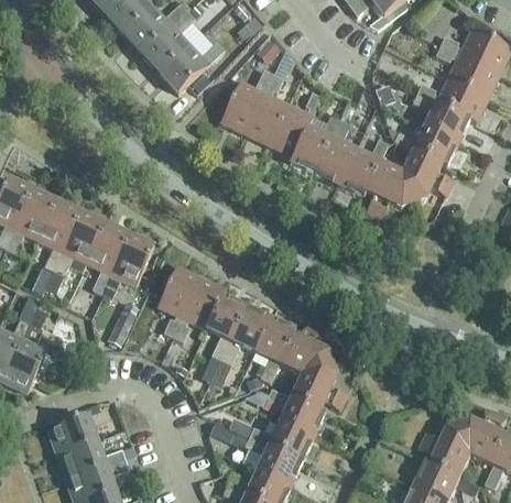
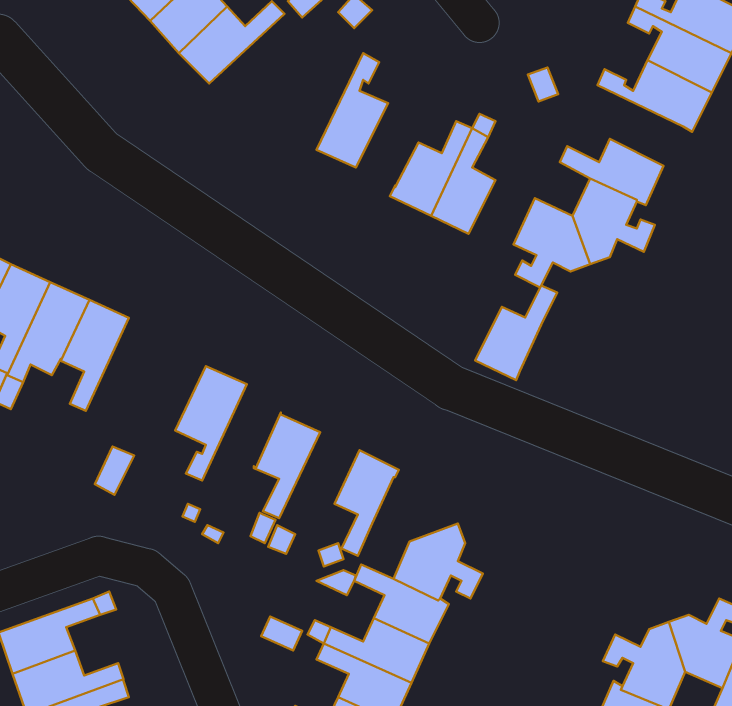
building: [220,68,273,132] -> none
building: [269,91,322,155] -> none
building: [412,92,470,142] -> none
building: [338,138,389,196] -> [475,285,557,380]
building: [102,236,153,297] -> none
building: [174,276,226,340] -> none
building: [221,306,271,363] -> none
building: [279,322,331,373] -> none

